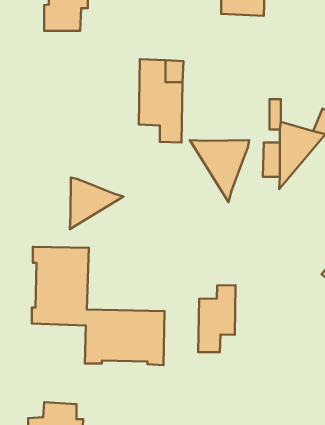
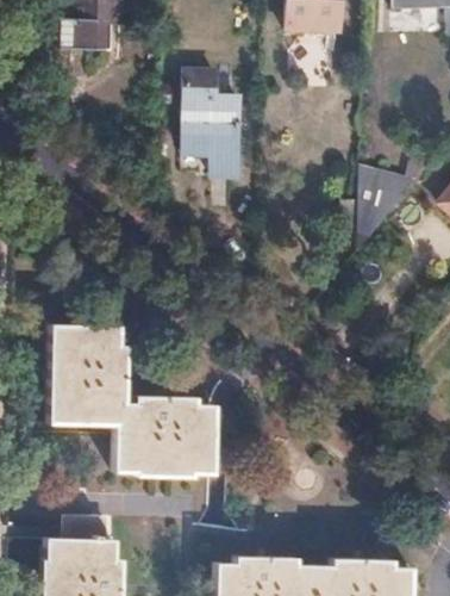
building: [190,140,249,202] -> none
building: [70,177,123,229] -> none
building: [198,285,236,352] -> none

